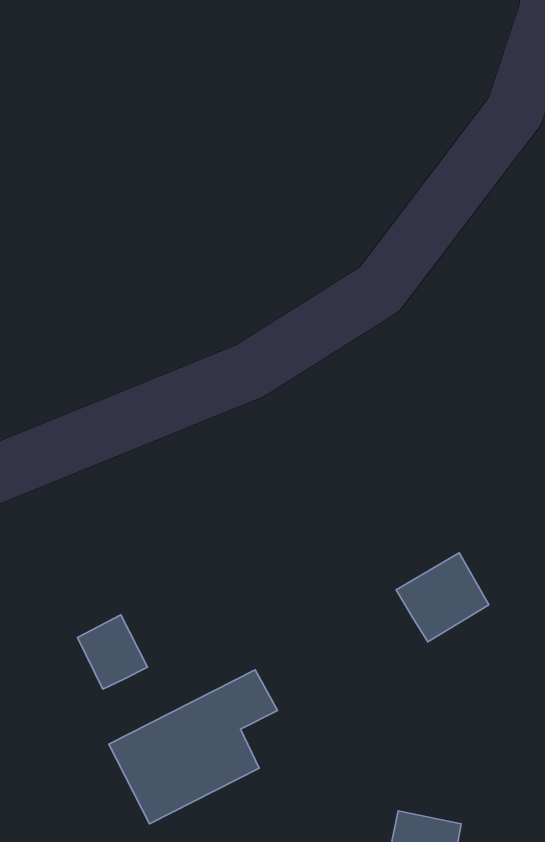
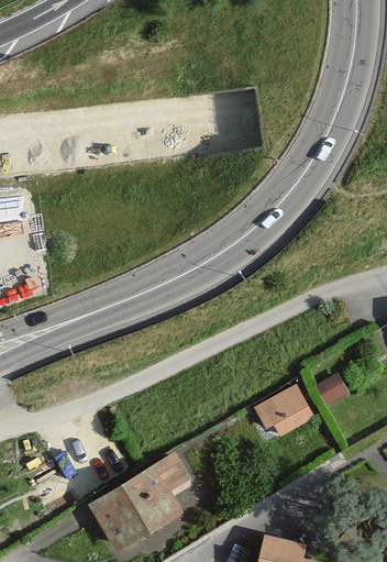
building: [78,615,147,689] -> none

